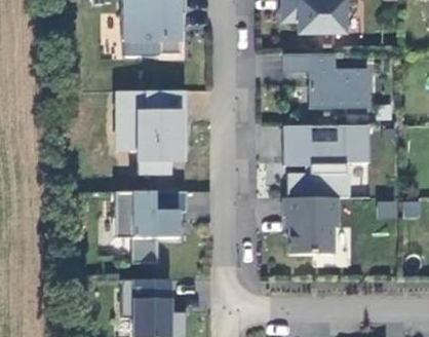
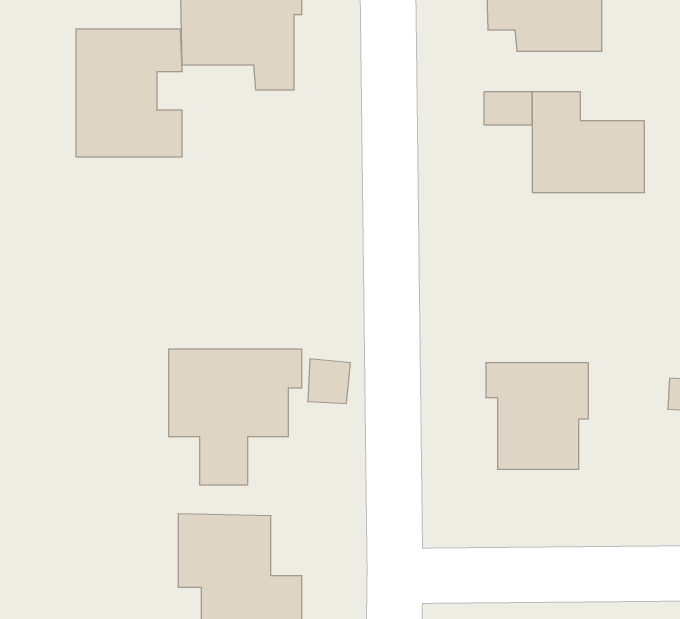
building: [130,91,187,159] -> [76,29,182,157]
building: [284,126,369,198] -> none

